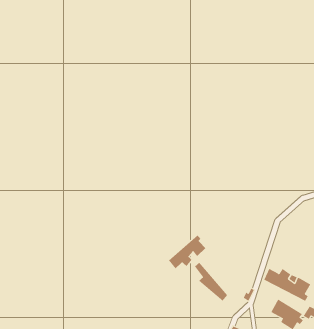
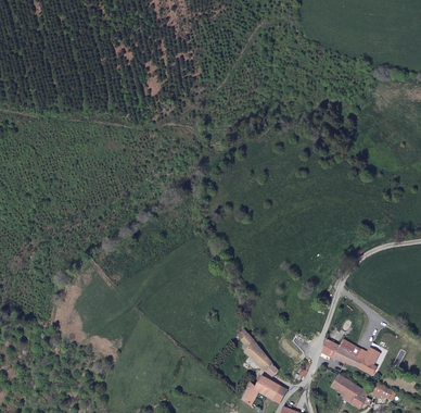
building: [168,235,206,269] -> none
building: none -> [240,374,286,404]

